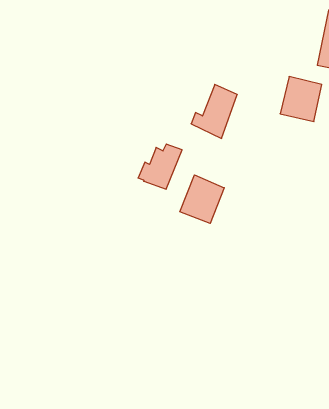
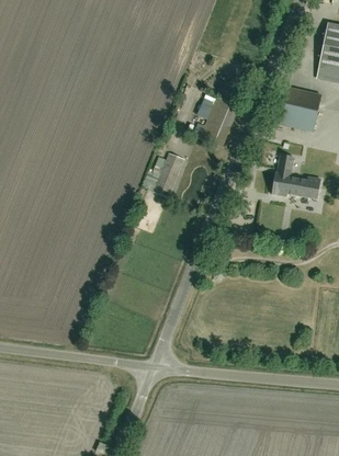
building: none -> [271,155,320,200]
building: [180,175,224,223] -> none

